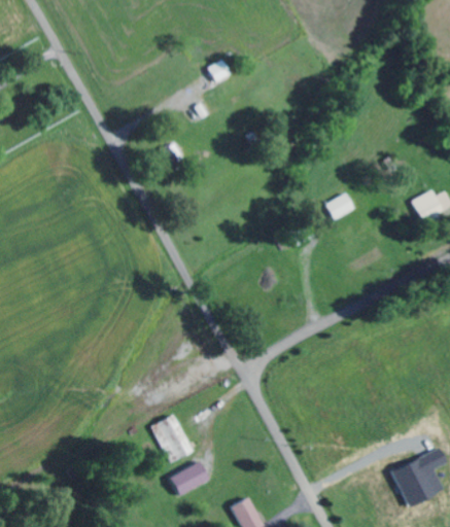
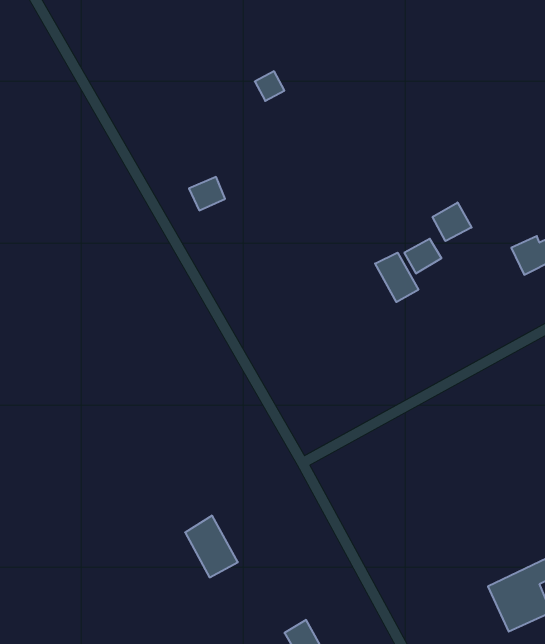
building: none -> [433,202,472,241]
building: none -> [375,253,418,302]
building: [170,461,209,495] -> none

